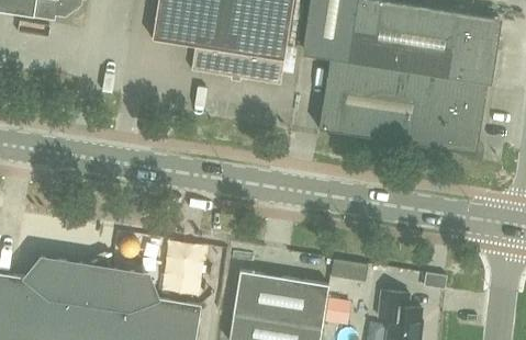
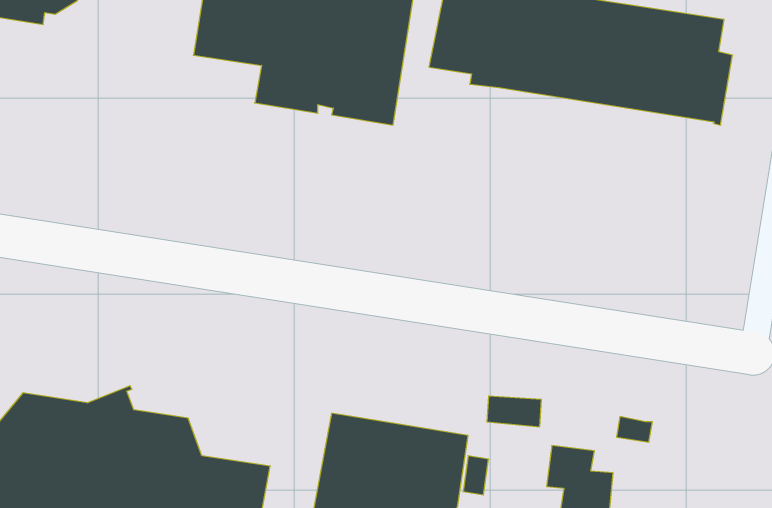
building: [318,58,486,159] -> none

